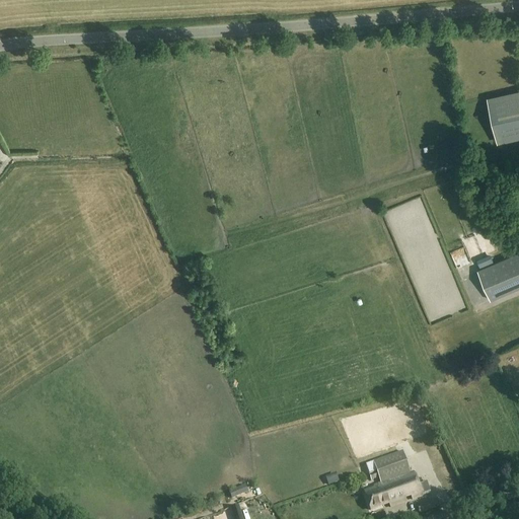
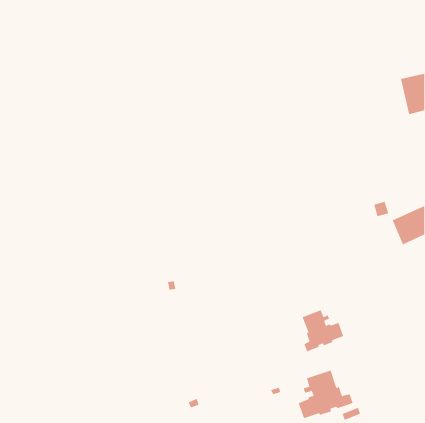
building: none -> [302,309,344,352]

